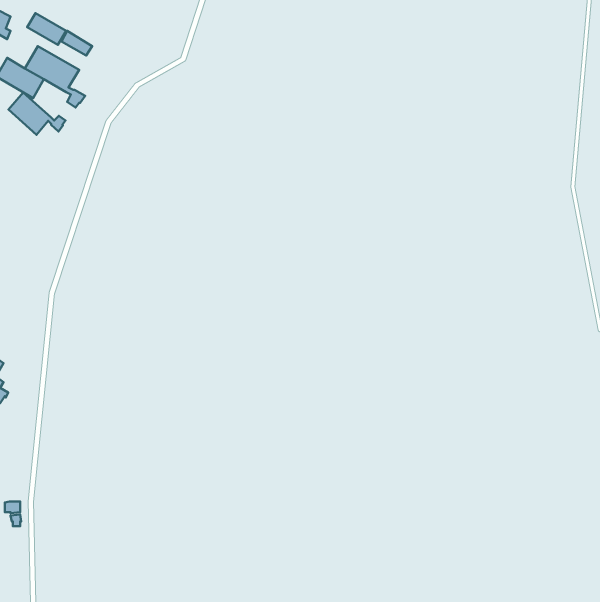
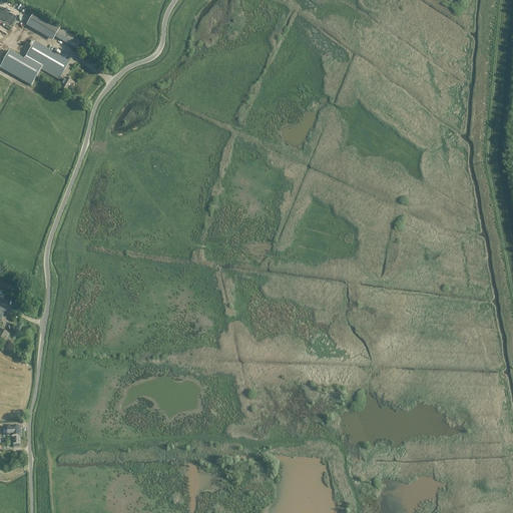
building: [8,92,66,135] -> none

